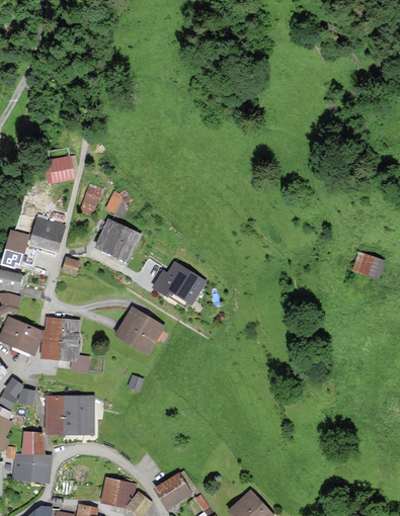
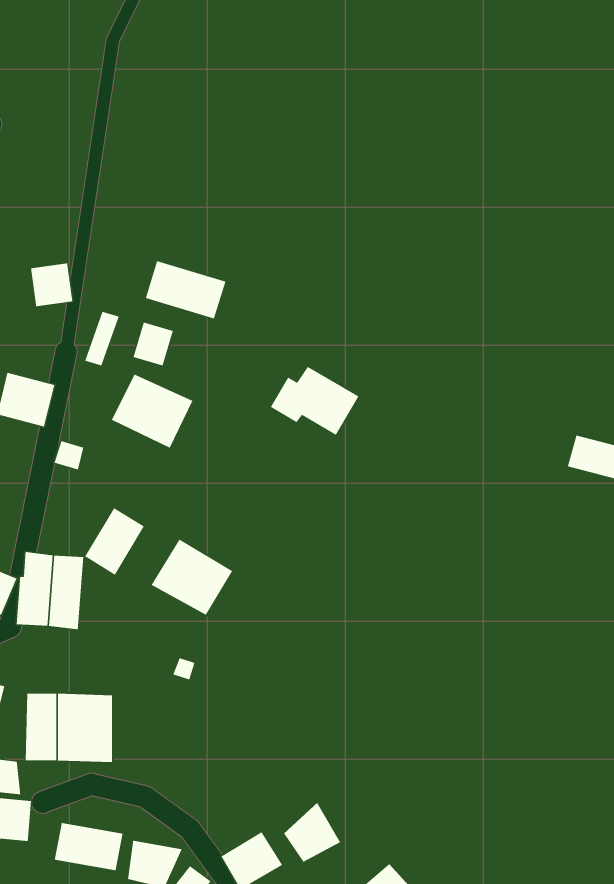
building: none -> [145,260,227,320]
building: [154,263,205,303] -> [270,366,360,436]
building: none -> [84,507,145,576]
building: none -> [283,802,341,863]
building: none -> [54,822,123,871]

